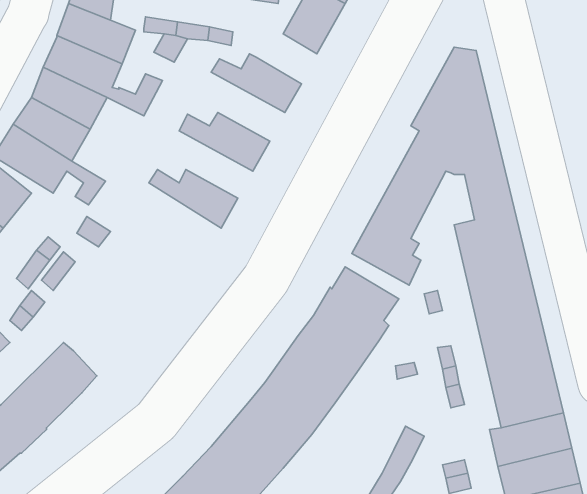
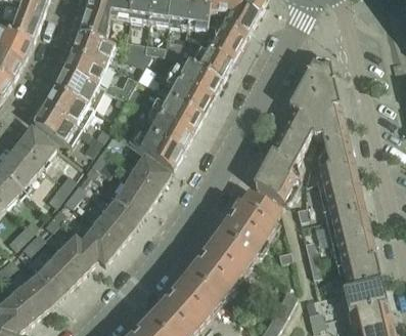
building: none -> [193,48,230,79]
building: none -> [162,72,211,114]
building: none -> [142,108,191,149]
building: none -> [82,156,169,262]

